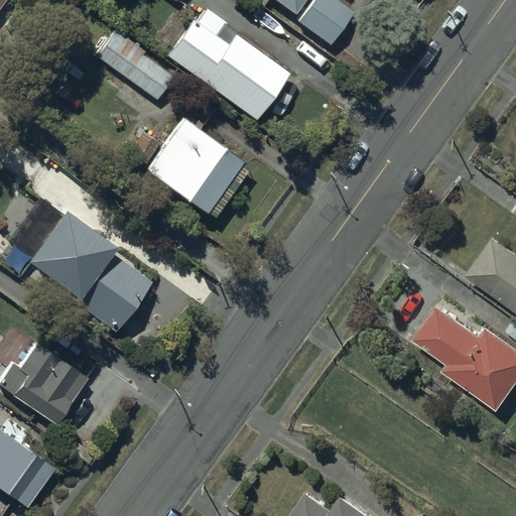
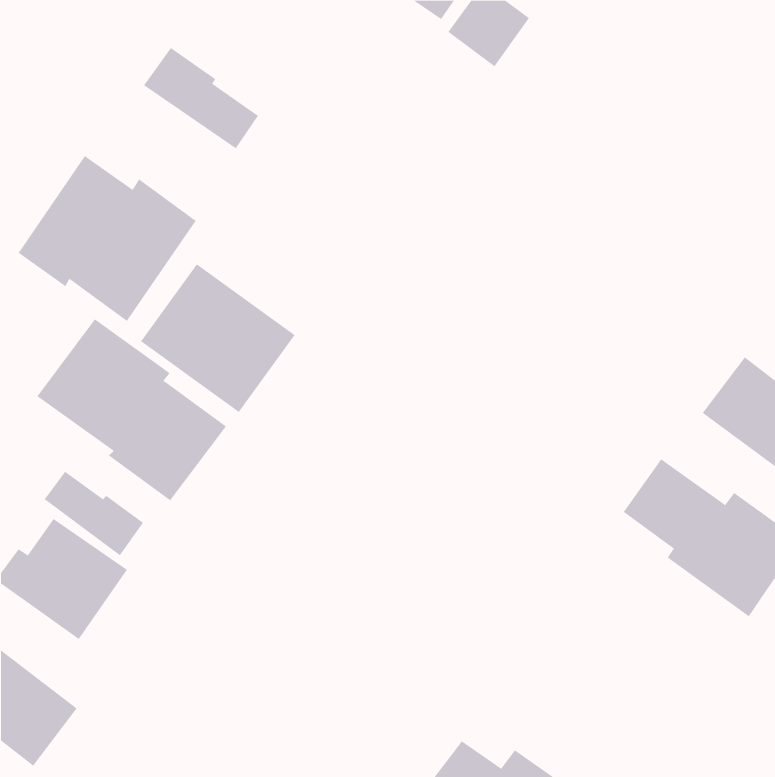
building: [166,8,290,120] -> none
building: none -> [18,155,197,322]
building: [147,120,250,219] -> [140,263,295,413]
building: none -> [44,471,144,556]

